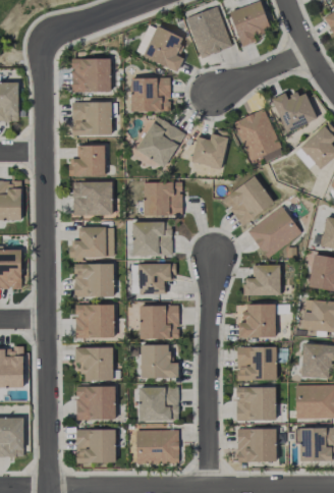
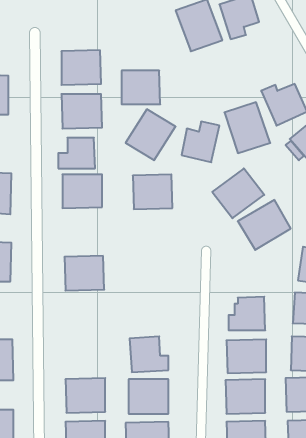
building: [136,23,183,70] -> none
building: [131,221,172,256] -> none
building: [69,226,114,258] -> none
building: [137,263,174,294] -> none
building: [243,264,280,295] -> none
building: [74,304,114,338] -> none
building: [140,305,179,339] -> none
building: [74,346,113,380] -> none

